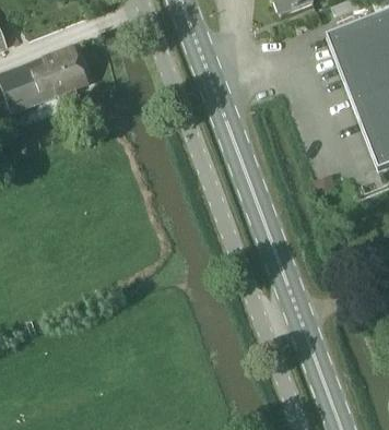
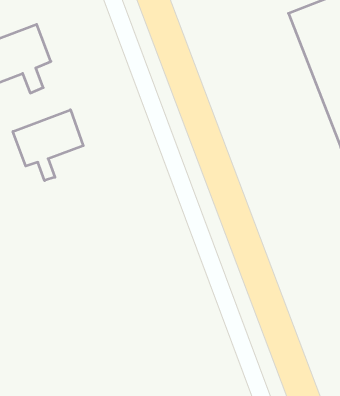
building: none -> [13,110,83,181]

